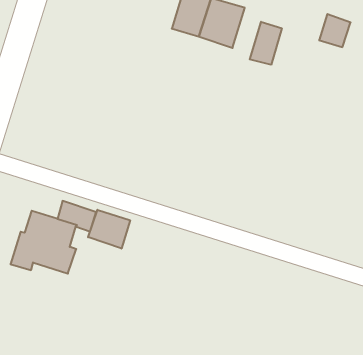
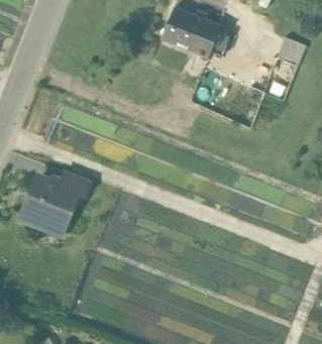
building: [250,22,282,65] -> none
building: [88,210,130,249] -> none

